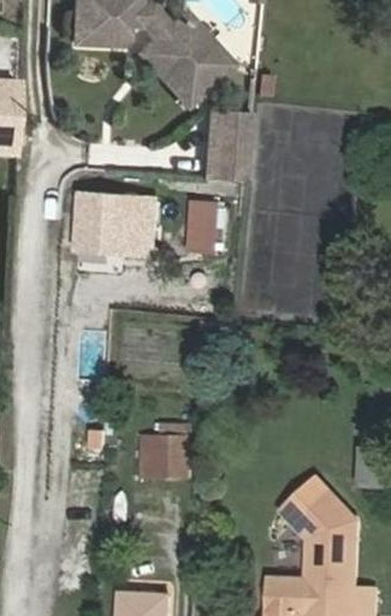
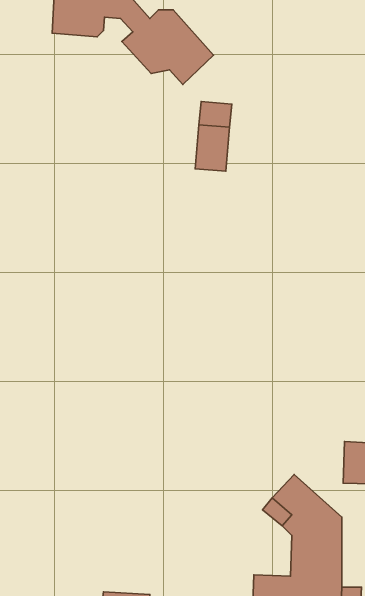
building: [77,194,155,255] -> none
building: [189,202,218,253] -> none
building: [142,438,188,475] -> none

